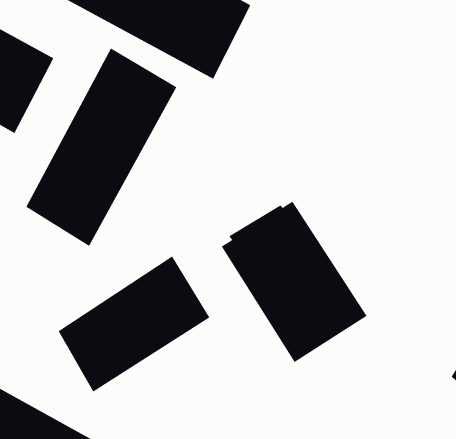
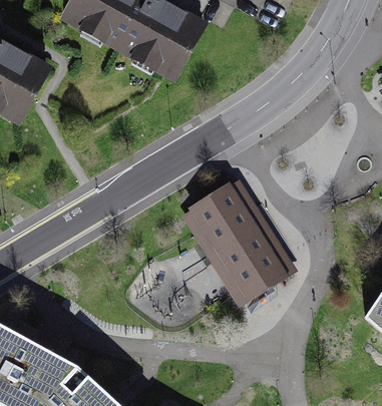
building: [25,48,177,247] -> none
building: [58,255,210,392] -> none

